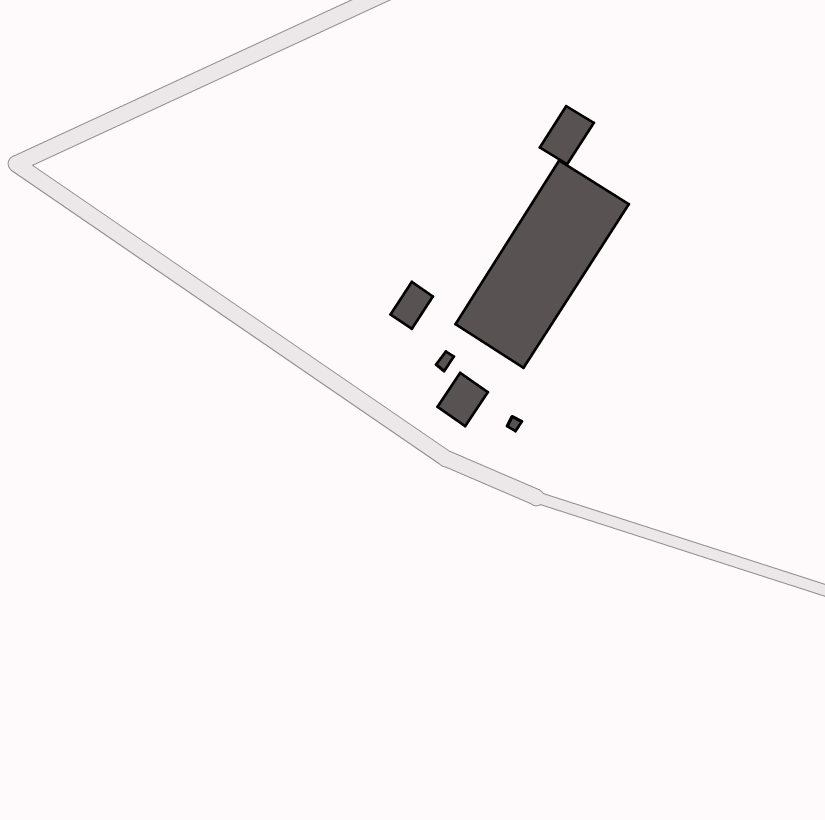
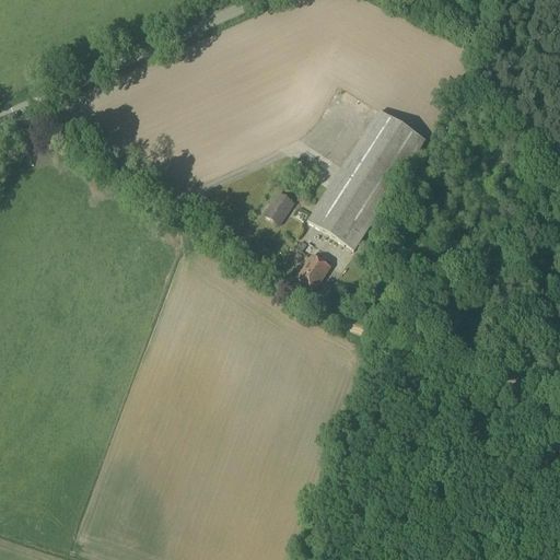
building: [540,106,594,164] -> none

